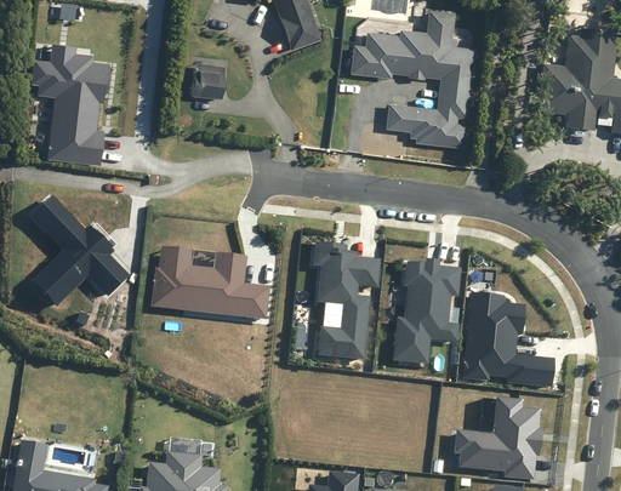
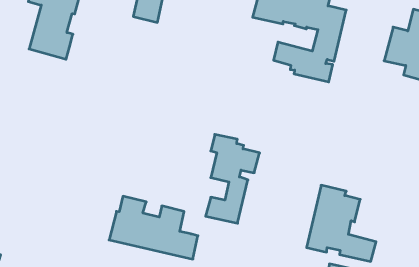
building: [33,194,131,306] -> none
building: [148,249,268,321] -> [109,196,198,259]
building: [394,258,463,364] -> none

